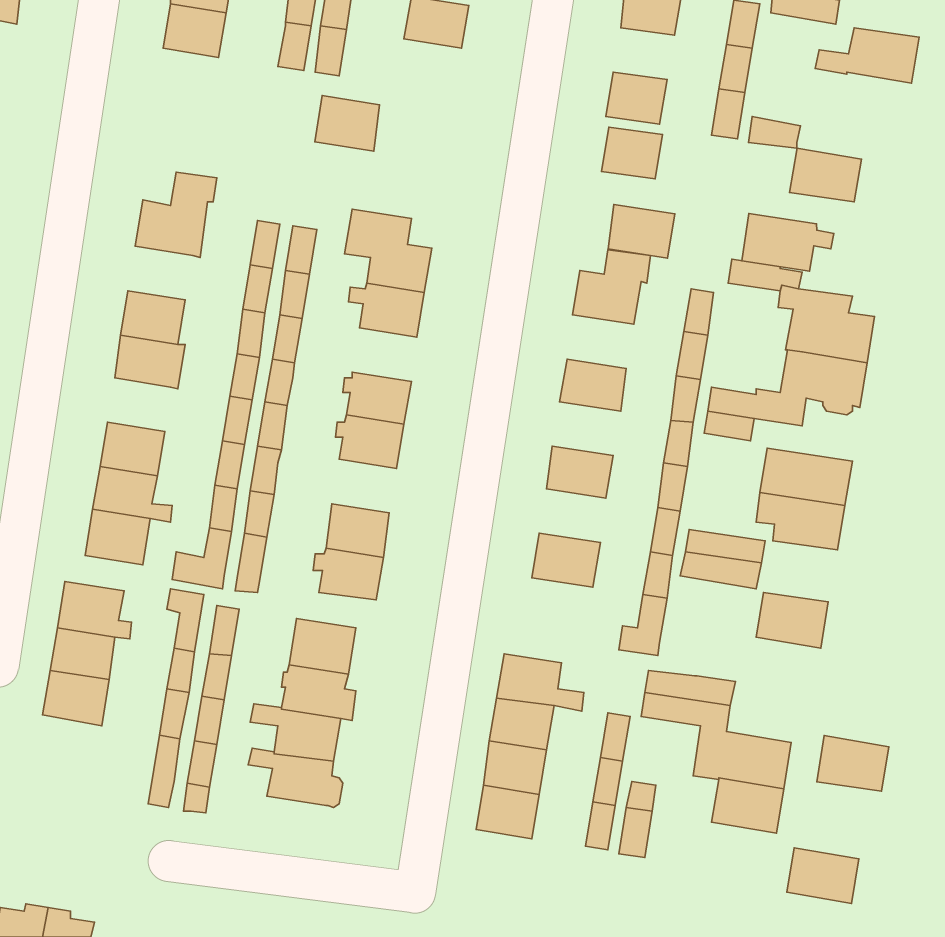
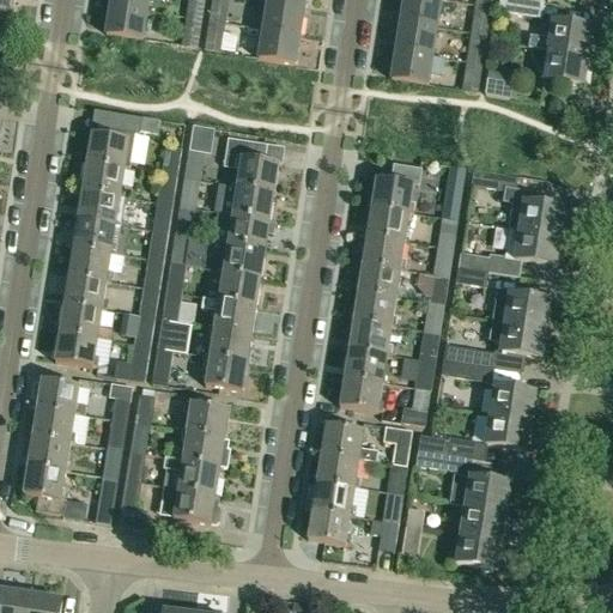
building: [315,96,380,151] -> [256,25,298,61]
building: [601,127,663,179] -> [396,18,436,51]
building: [789,148,862,202] -> [542,47,589,81]
building: [608,205,675,258] -> [366,204,409,238]
building: [742,214,834,271] -> none
building: none -> [83,159,125,194]
building: none -> [220,212,269,247]
building: none -> [69,244,110,279]
building: none -> [357,260,401,295]
building: none -> [200,295,256,332]
building: none -> [348,316,392,351]
building: none -> [340,374,383,409]
building: none -> [382,425,412,463]
building: none -> [23,462,84,514]
building: [817,736,889,791] -> [484,412,530,448]
building: [787,848,859,903] -> [455,532,502,568]

